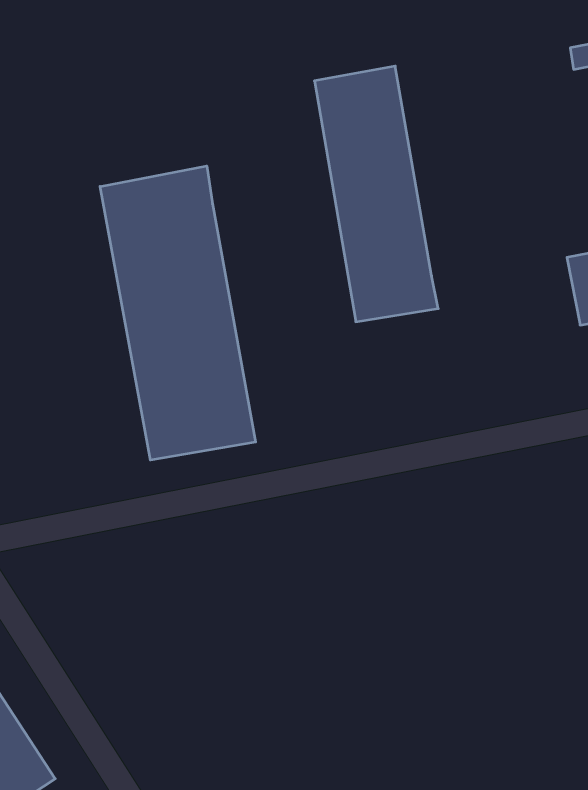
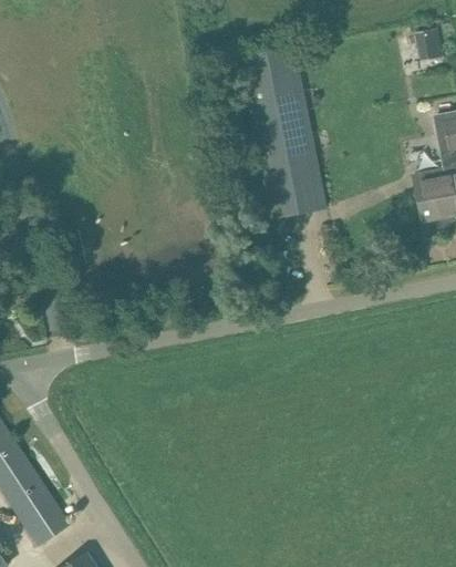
building: [100,166,256,460] -> none

